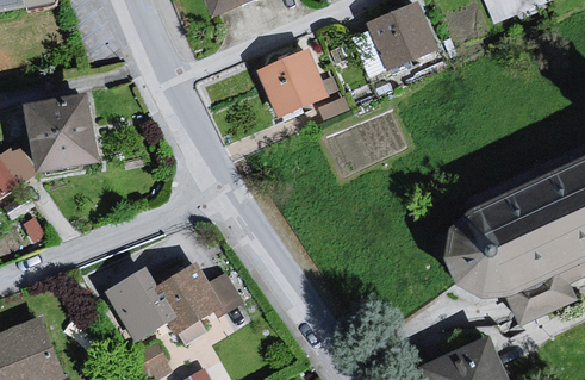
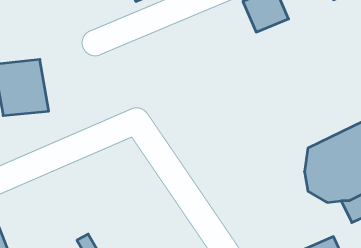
building: [253,46,324,117] -> none
building: [107,264,238,336] -> none

